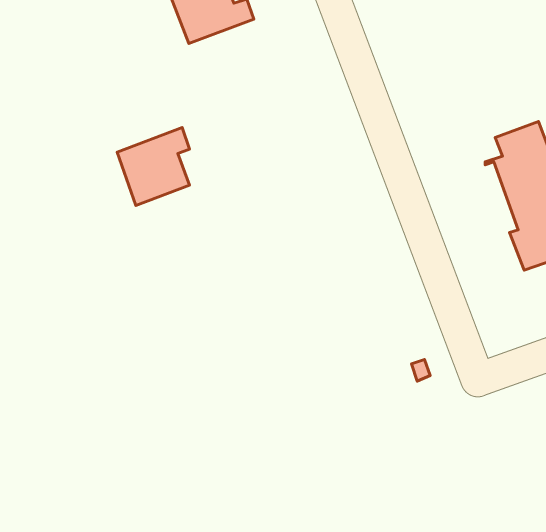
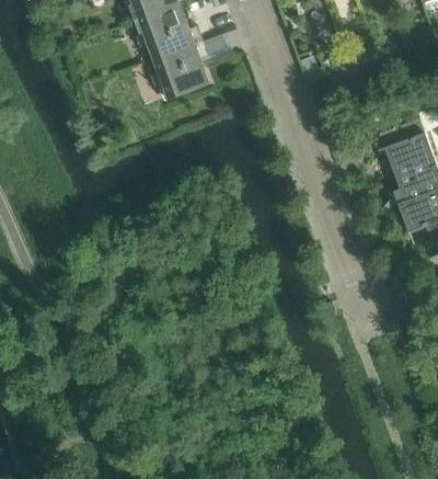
building: [117,127,189,205] -> [154,42,209,101]

